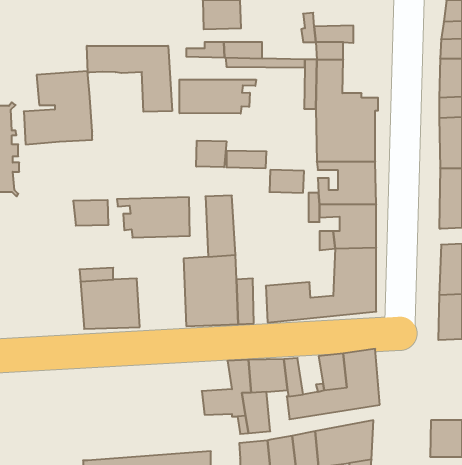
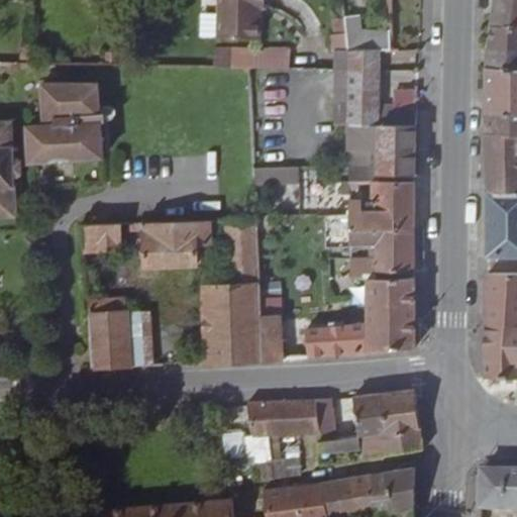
building: [87,46,172,112] -> none
building: [179,80,256,114] -> none
building: [196,141,226,167] -> none

